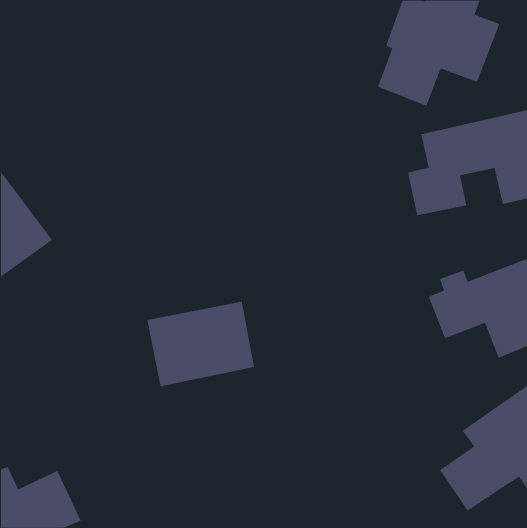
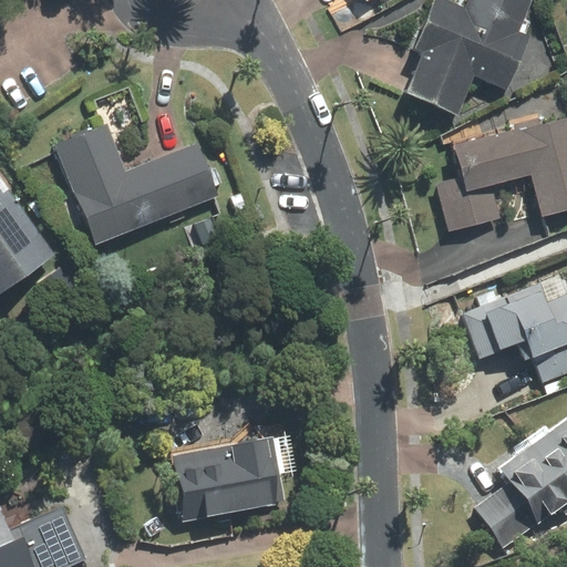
building: none -> [53,120,217,244]
building: [146,301,255,387] -> [168,435,285,527]

